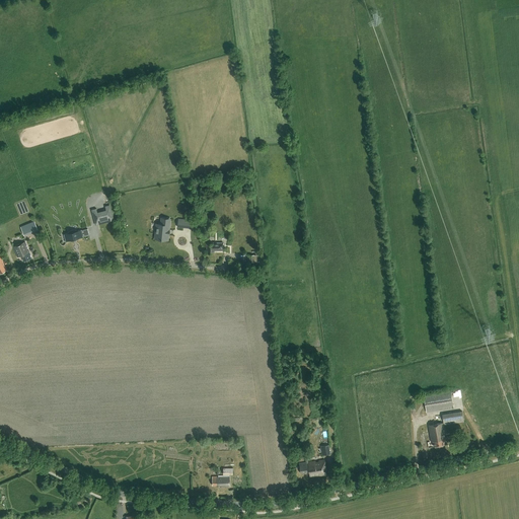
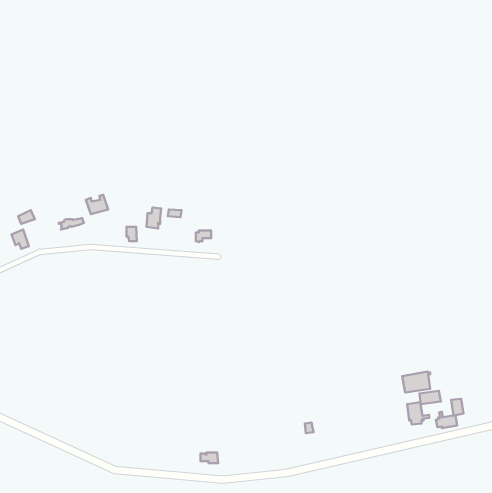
building: none -> [436,399,464,428]
building: [298,456,326,477] -> none

